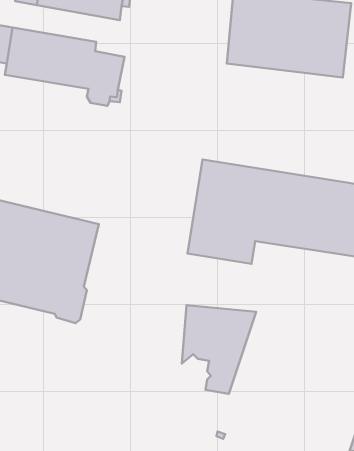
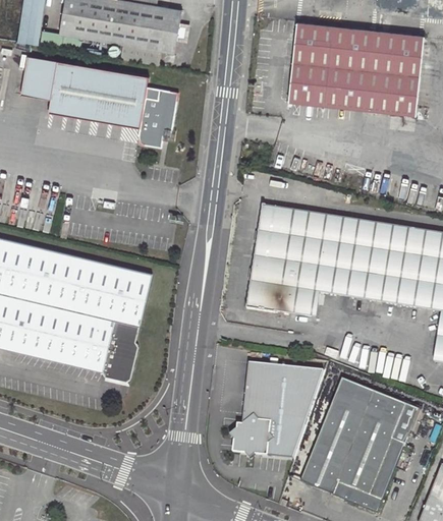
building: none -> [300,379,418,512]
building: none -> [229,414,272,456]

